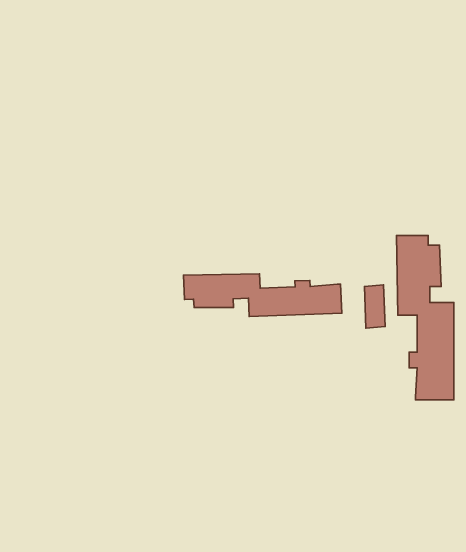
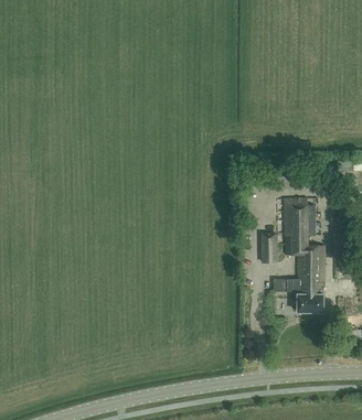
building: [183,274,342,316] -> none

